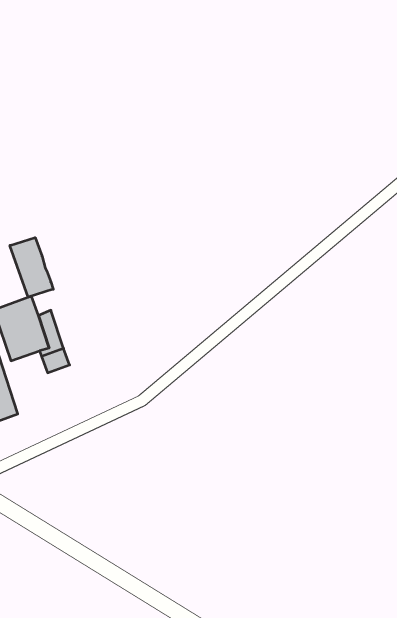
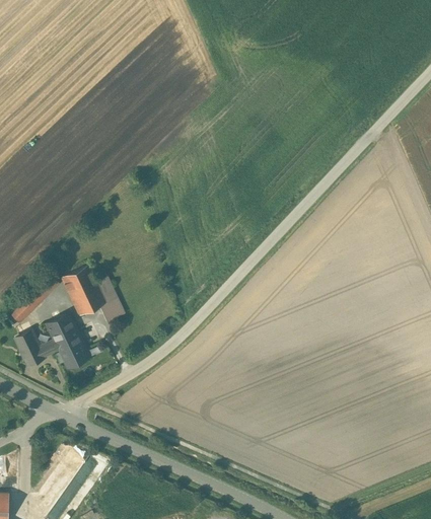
building: [10,238,53,297] -> none

